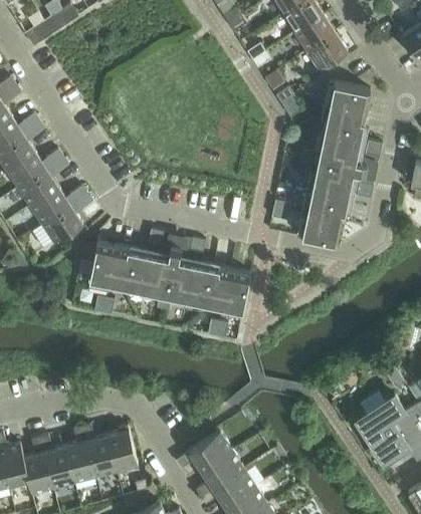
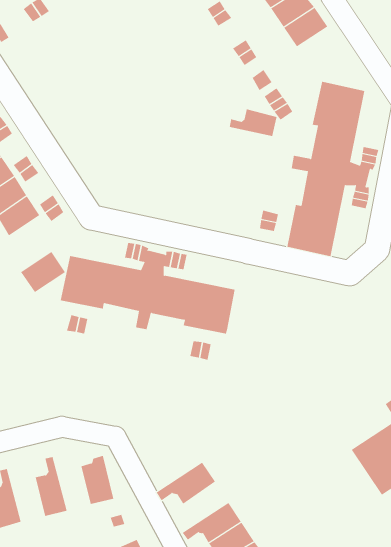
building: [305,32,347,70] -> none
building: none -> [229,109,277,137]
building: [40,206,82,244] -> [20,251,66,293]
building: [81,425,116,478] -> none
building: [39,436,73,488] -> none
building: [195,451,243,498] -> none

